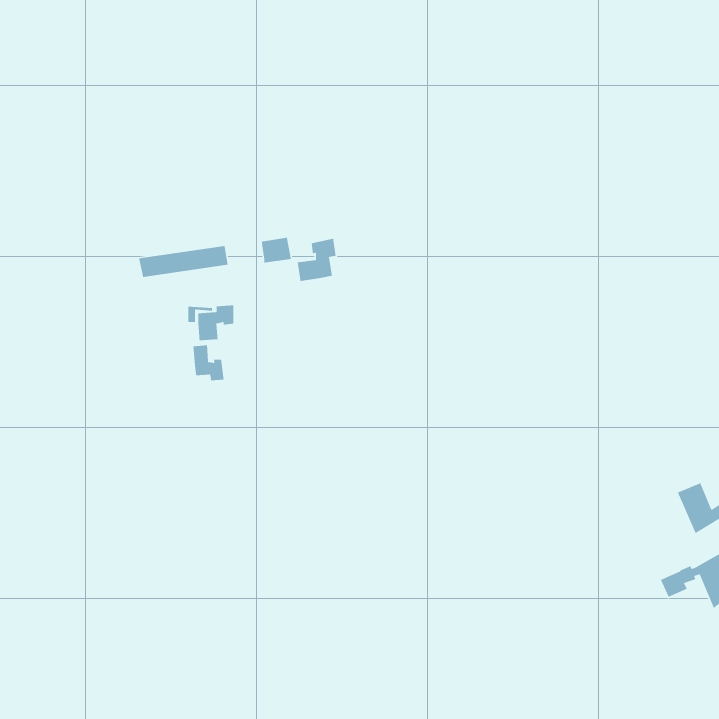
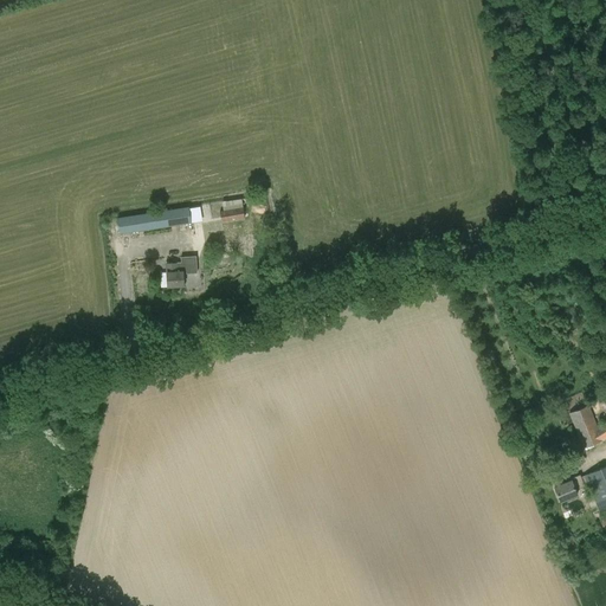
building: [297,238,336,282] -> none
building: [192,345,225,381] -> none

